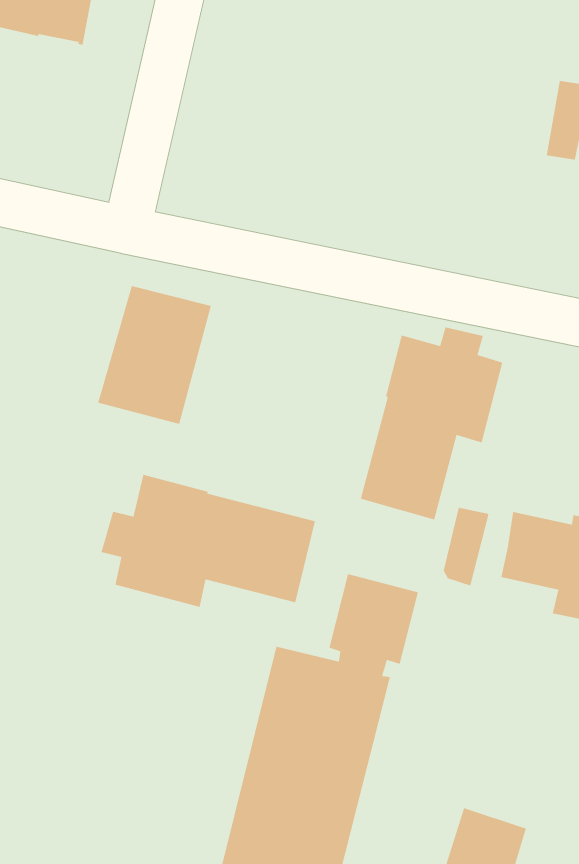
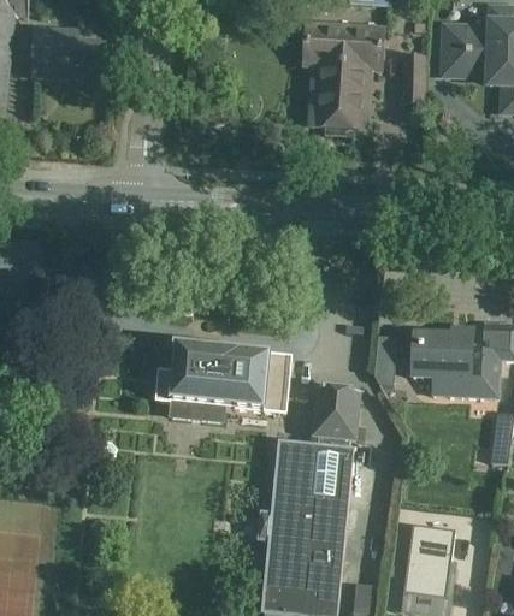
building: none -> [307,24,384,128]
building: [97,285,212,425] -> none
building: [360,326,503,520] -> none

